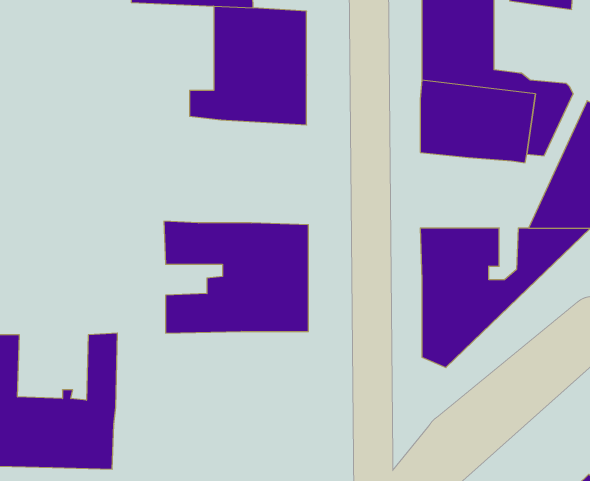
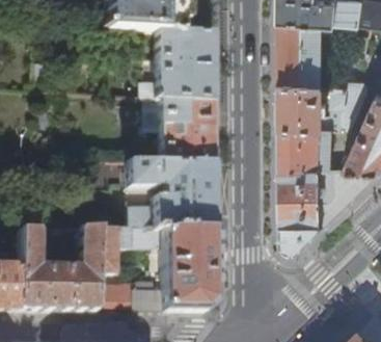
building: none -> [143,100,210,163]
building: none -> [277,120,332,165]
building: none -> [91,228,212,312]

